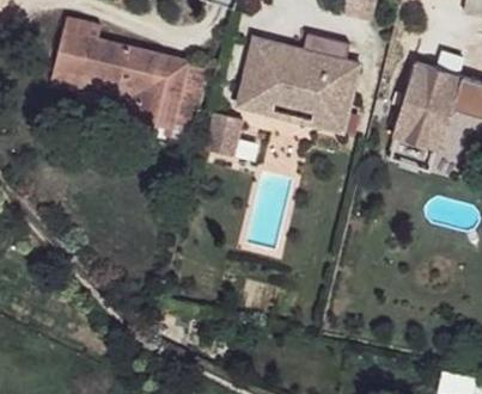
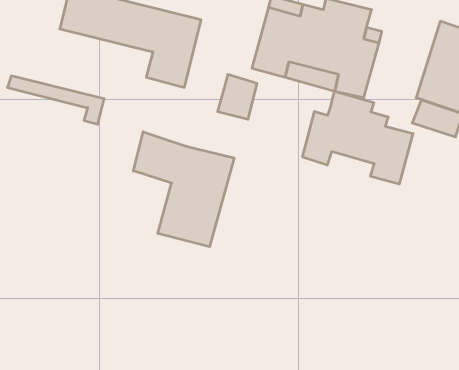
building: [54,68,145,113] -> [7,76,104,124]
building: none -> [303,91,413,184]
building: none -> [133,132,234,247]

